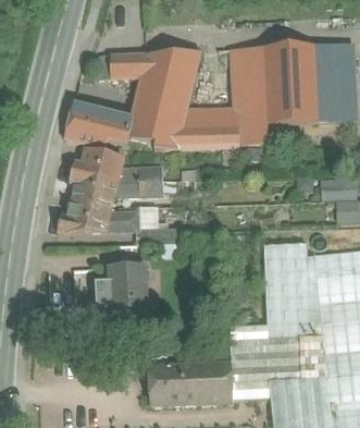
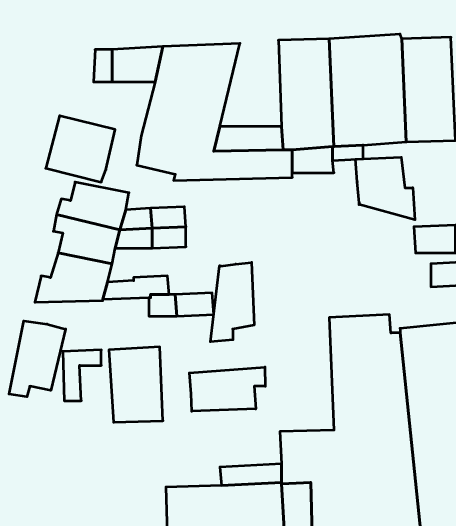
building: [107,112,132,145] -> none
building: none -> [356,157,415,220]
building: none -> [210,262,254,342]
building: none -> [9,321,66,397]
building: none -> [189,367,265,411]

